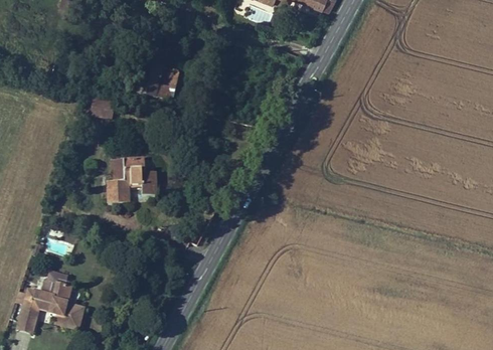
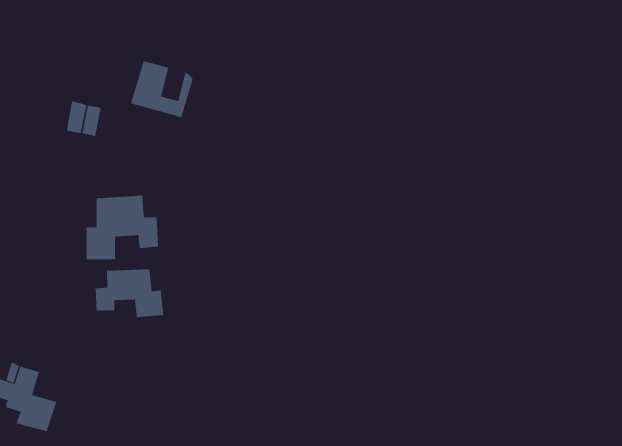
building: none -> [95,269,164,318]

